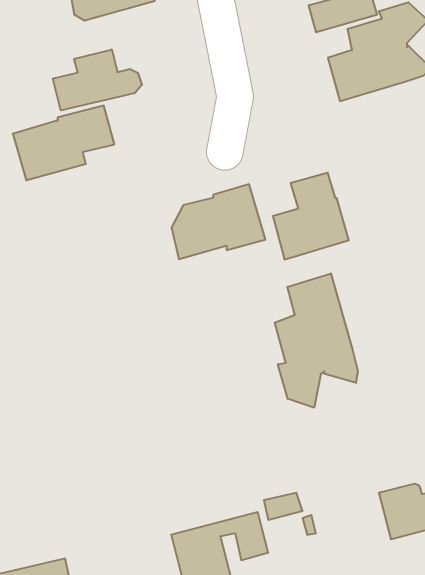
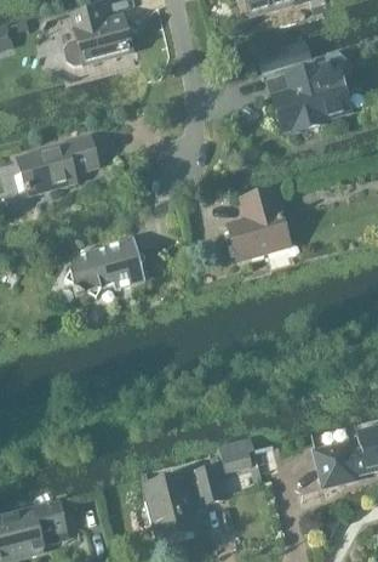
building: [53,49,142,110] -> none
building: [171,184,265,259] -> [69,235,145,296]
building: [275,273,358,408] -> none

